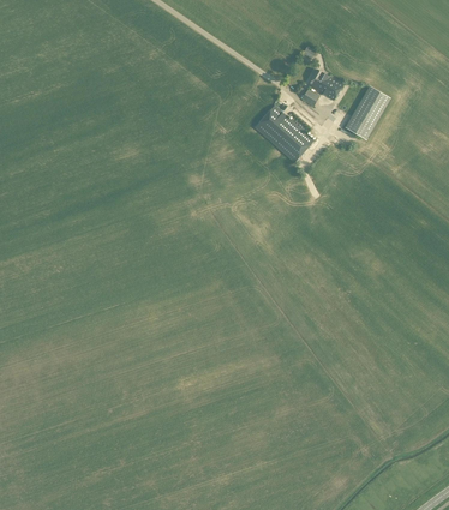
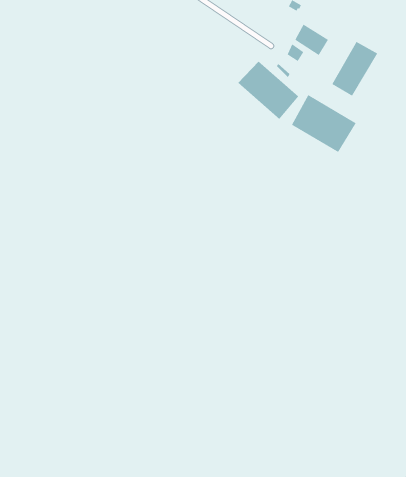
building: none -> [291,94,357,153]

